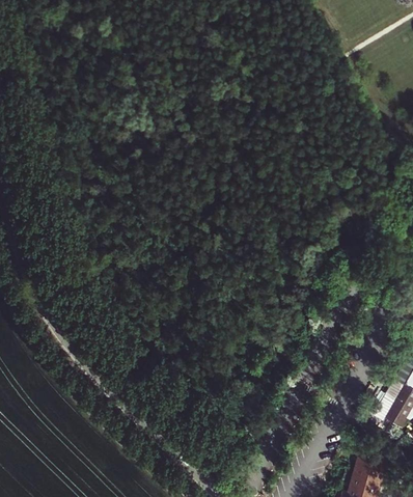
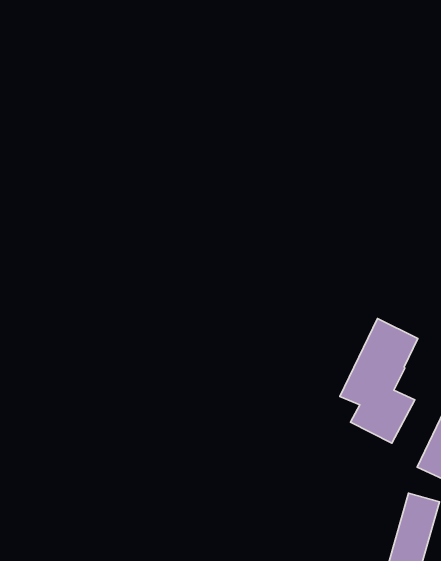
building: none -> [340,318,418,443]

